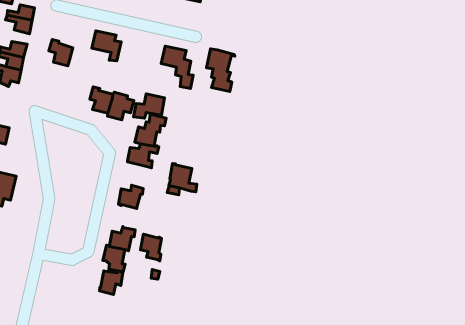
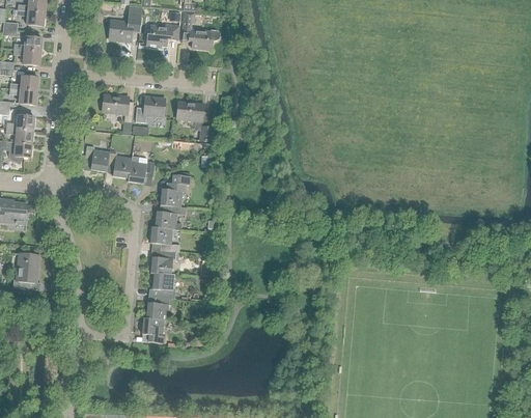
building: [49,39,73,66] -> [84,146,109,172]
building: [206,49,235,92] -> none
building: [134,94,165,118] -> [134,96,164,122]
building: [169,163,197,192] -> [150,226,179,253]
building: [141,234,162,261] -> [152,273,174,299]
building: [100,271,123,294] -> none

